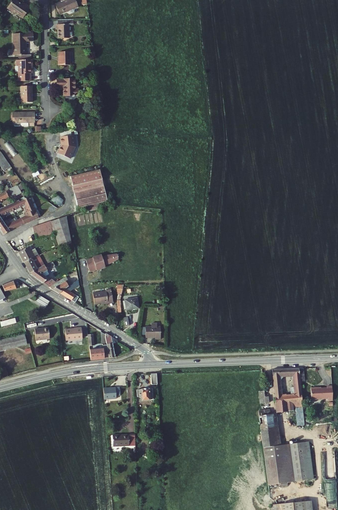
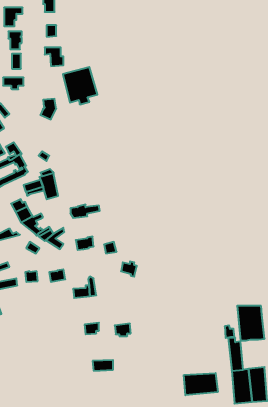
building: [68,171,107,213] -> [63,67,97,104]
building: none -> [184,373,218,395]

